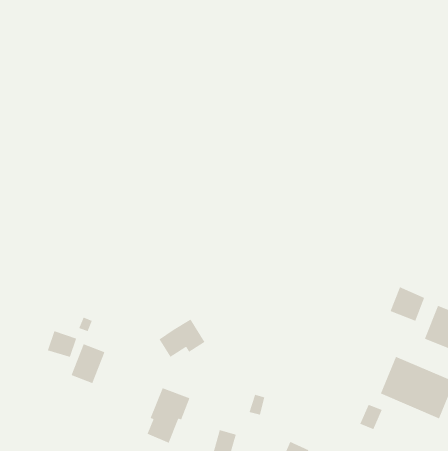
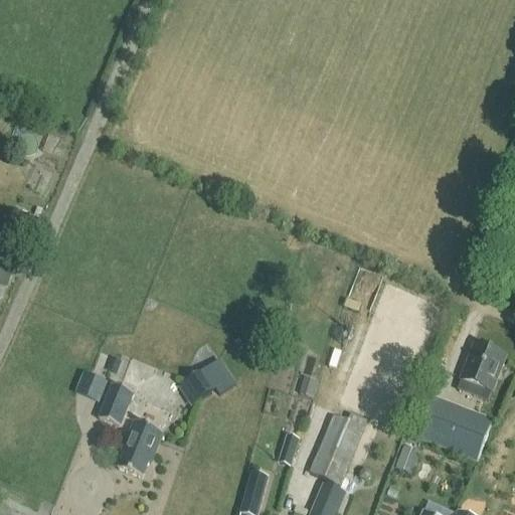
building: [389,286,425,322] -> none
building: none -> [310,412,368,485]
building: [147,387,191,444] -> [119,418,164,477]

